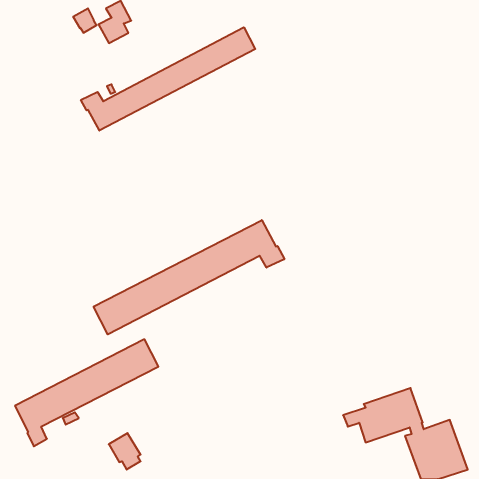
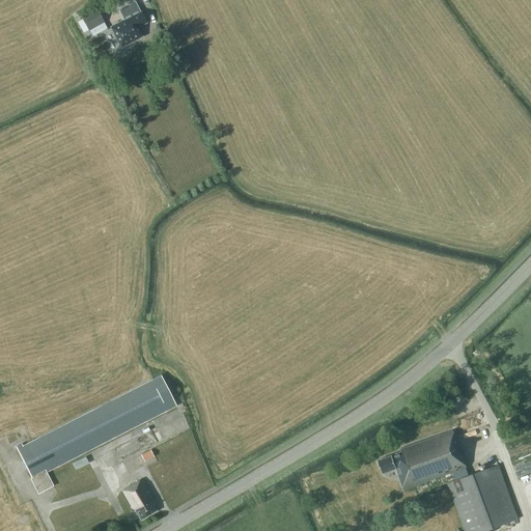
building: [81,27,255,131] -> none
building: [94,220,284,334] -> none

